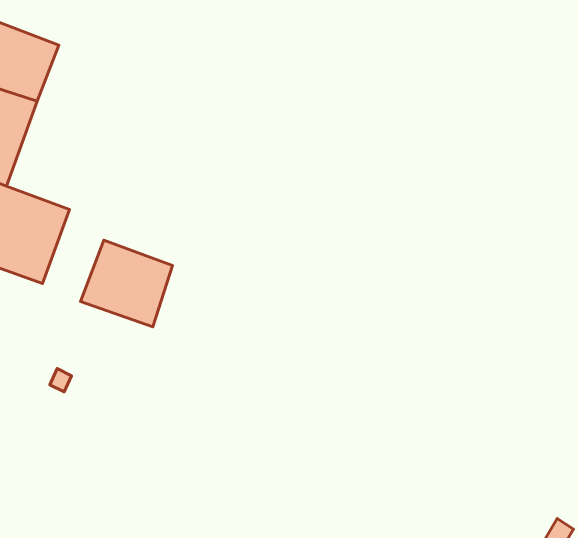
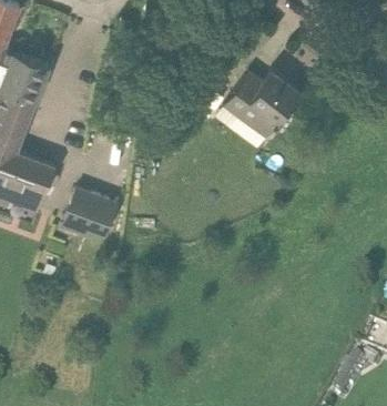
building: none -> [224,68,301,135]

